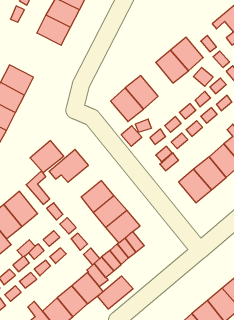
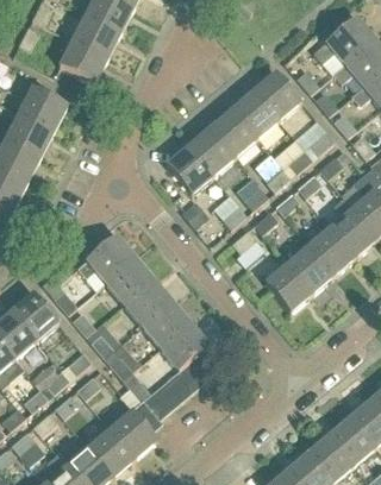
building: none -> [19,86,67,130]
building: none -> [210,108,256,157]
building: [30,141,64,173] -> [104,257,152,303]
building: [97,276,133,309] -> none

